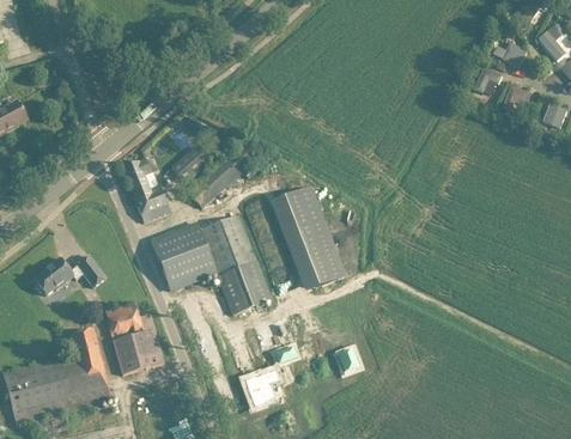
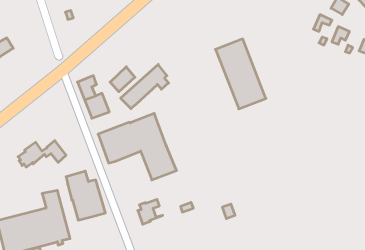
building: [271,185,346,289] -> [215,39,266,109]
building: [247,368,284,406] -> [138,199,163,224]

